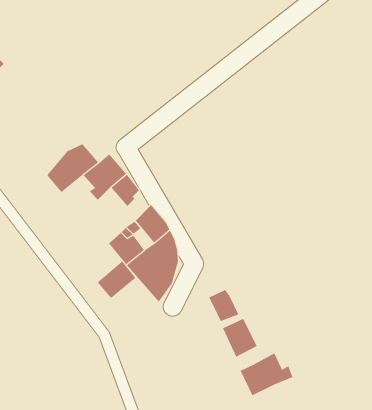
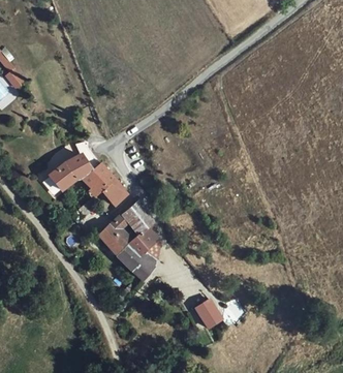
building: [97,260,136,299] -> none
building: [209,289,239,322] -> none
building: [240,352,293,396] -> none

